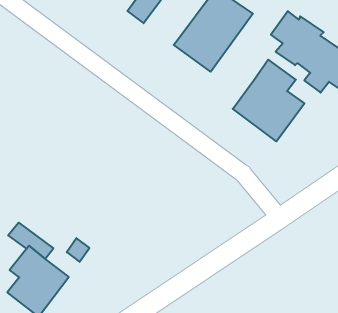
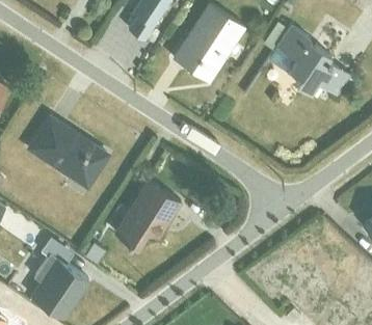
building: [233,60,304,141] -> none
building: none -> [28,117,108,189]
building: none -> [114,181,181,248]

